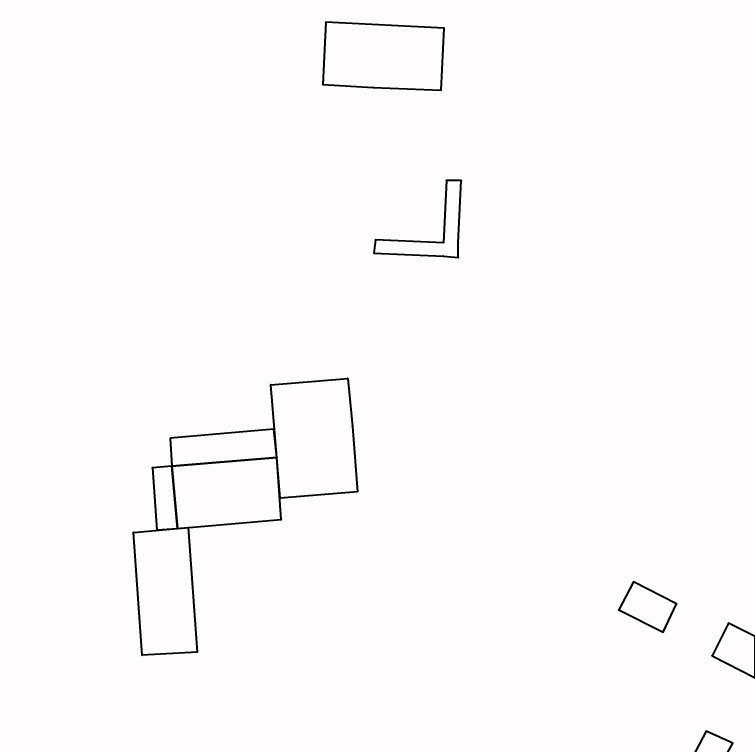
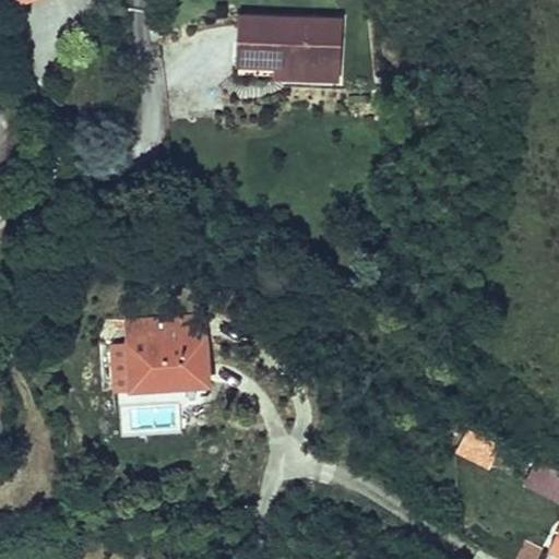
building: [374,181,461,258] -> [274,24,338,81]
building: [271,378,357,498] -> none
building: [133,528,197,655] -> none

